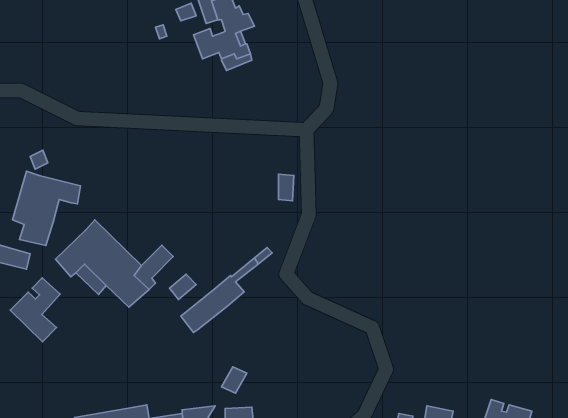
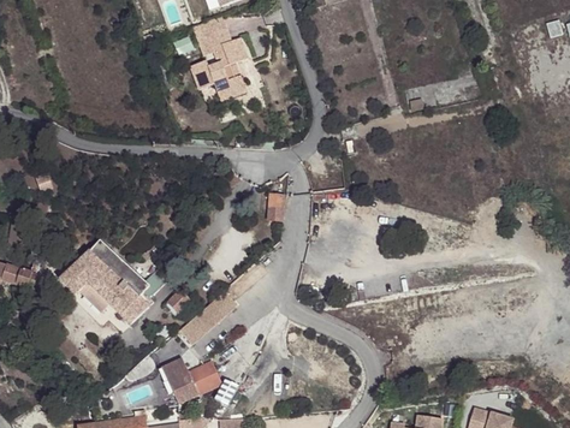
building: [12,171,80,245] -> none
building: [10,278,60,342] -> none
building: none -> [162,357,222,403]

